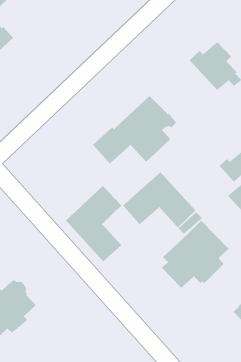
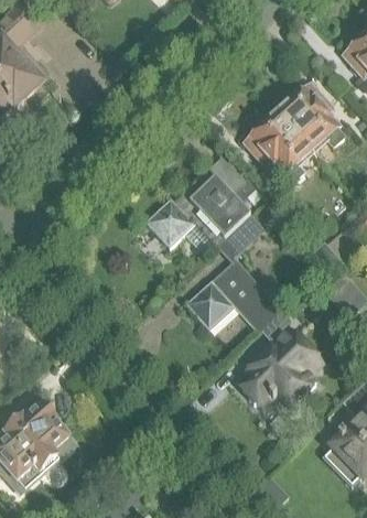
building: none -> [246,111,311,183]
building: none -> [217,216,265,262]
building: [65,185,122,262] -> none

